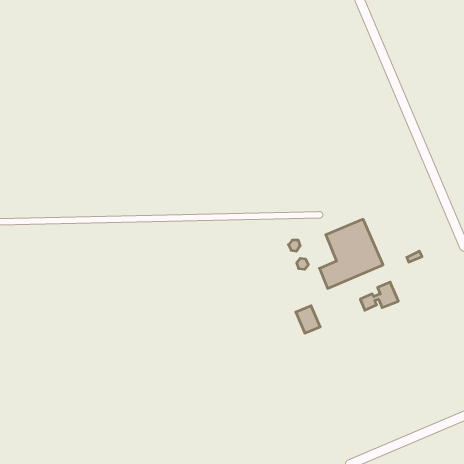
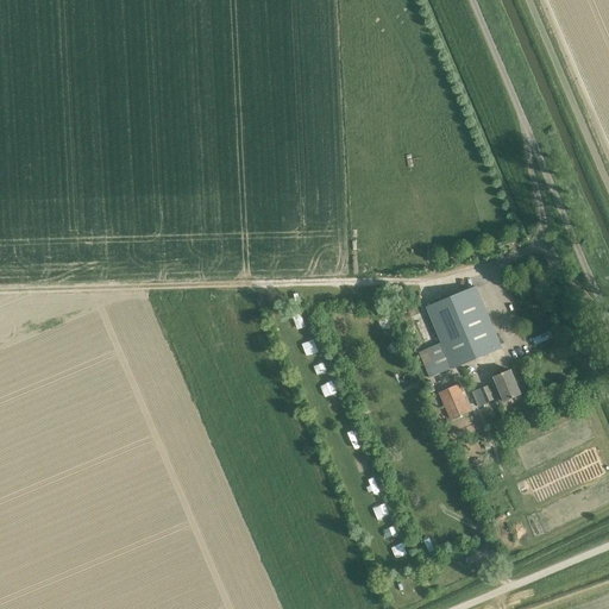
building: [296,306,320,333] -> [438,383,470,419]

